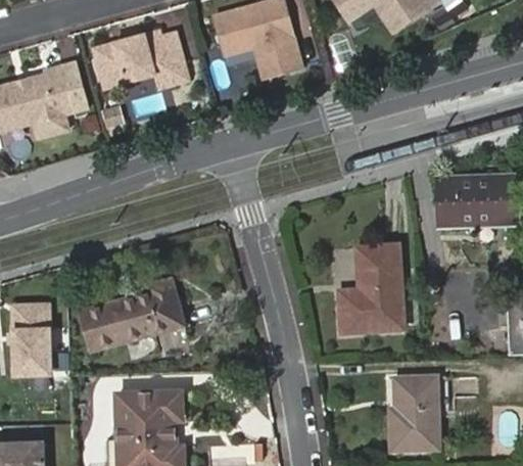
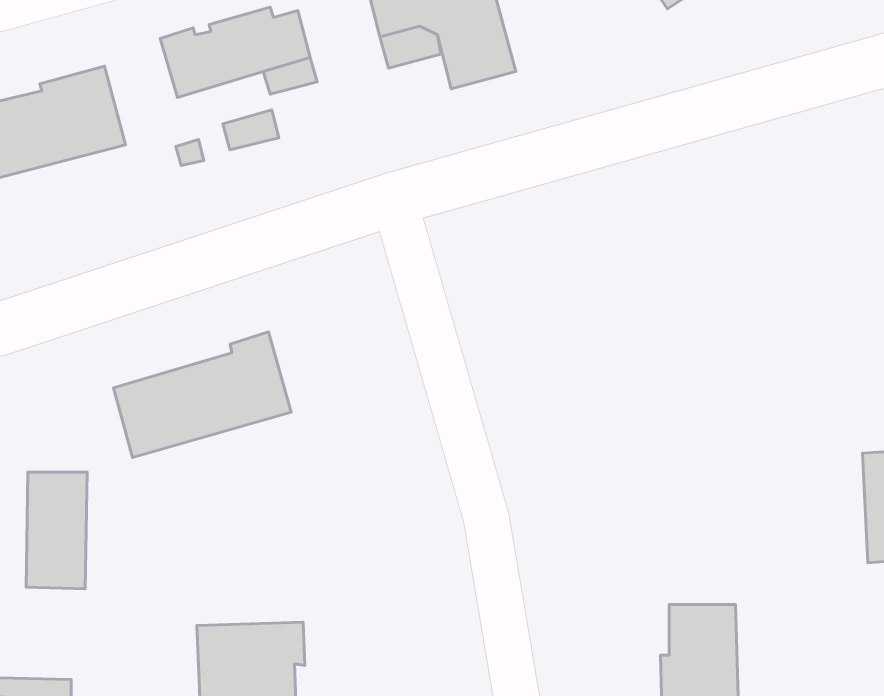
building: [439,176,508,223] -> none
building: [337,247,397,333] -> none
building: [77,278,181,352] -> [113,332,291,457]

